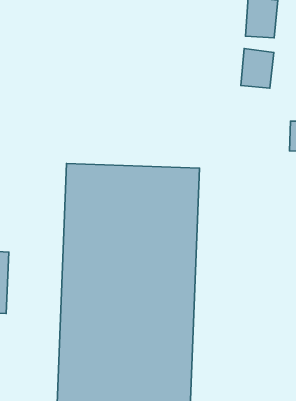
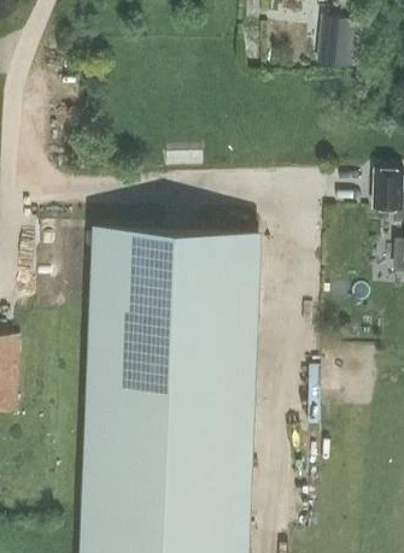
building: [241,48,274,88] -> none

